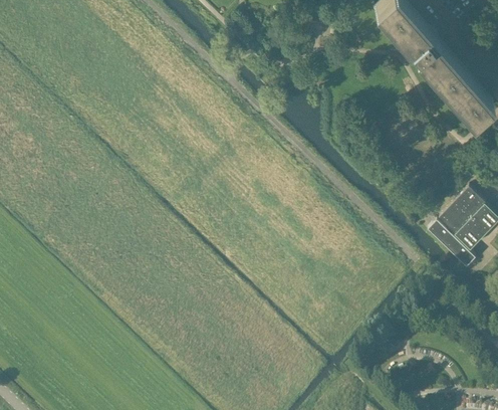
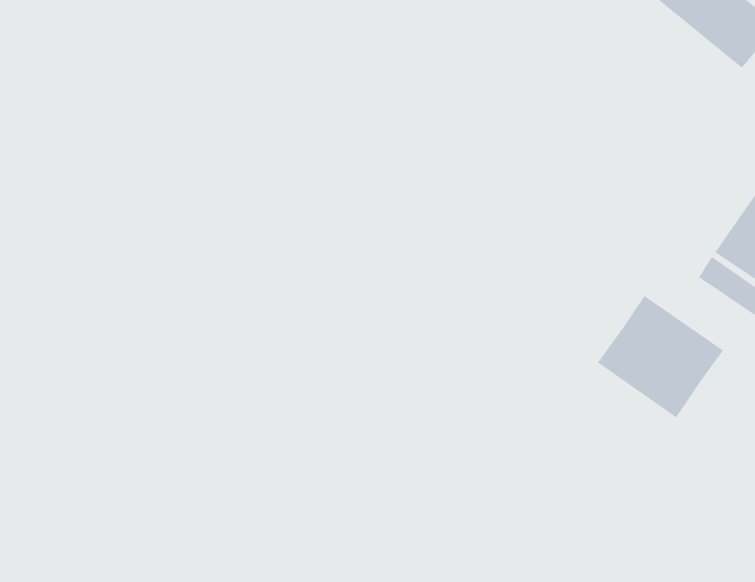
building: none -> [597,295,724,418]

